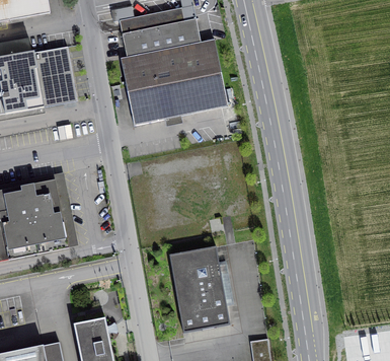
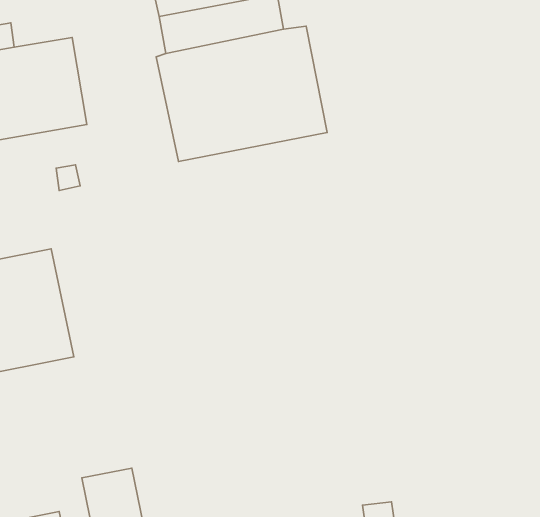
building: [169,245,230,332] -> none

